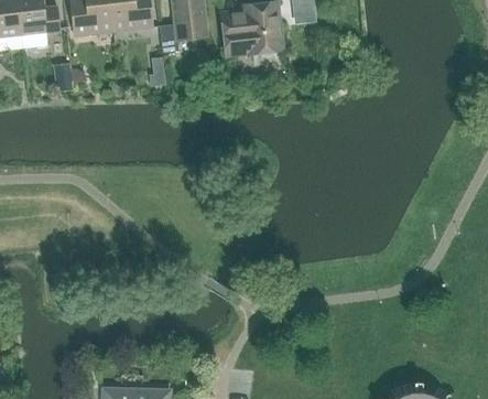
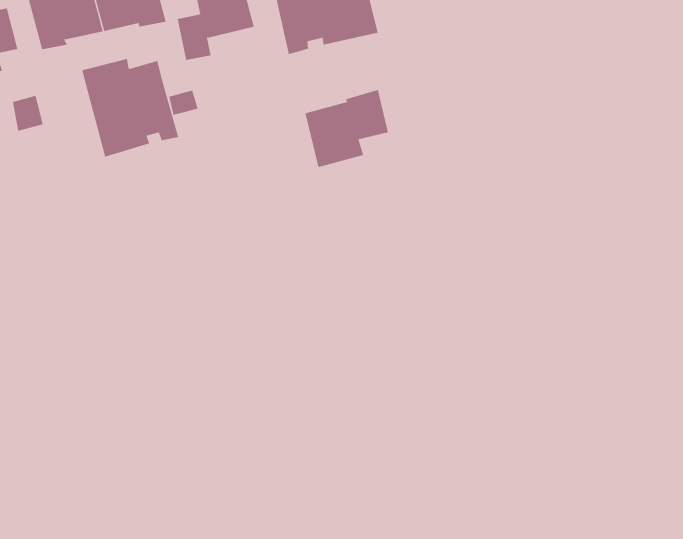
building: none -> [81,58,179,157]
building: none -> [305,89,389,168]

